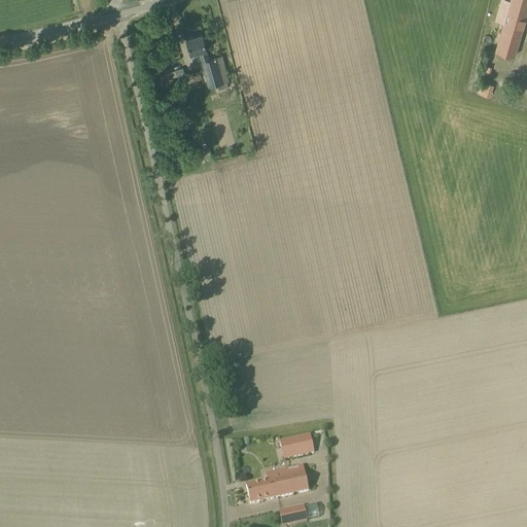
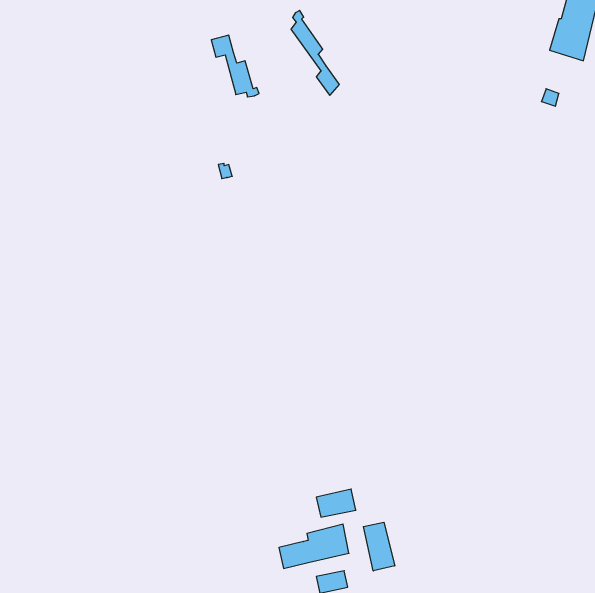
building: none -> [291,10,339,95]
building: none -> [363,522,395,571]

